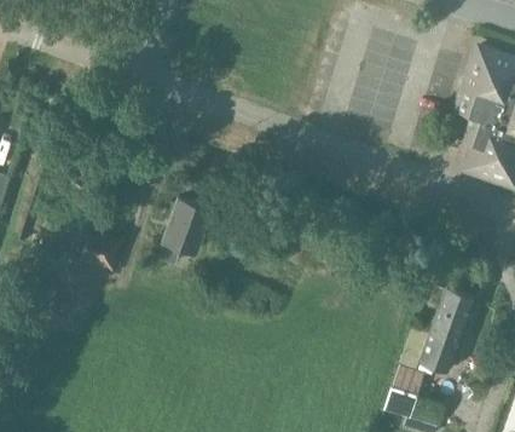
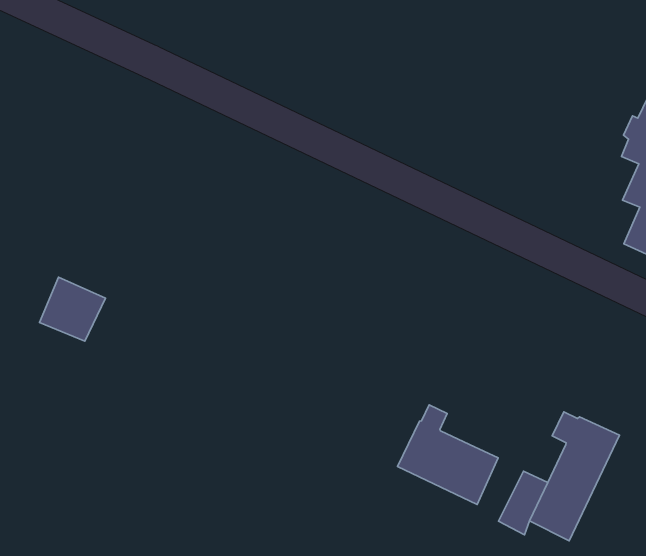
building: [157,195,212,264] -> none
building: none -> [397,405,498,504]

